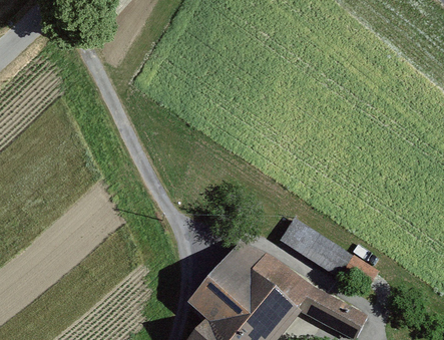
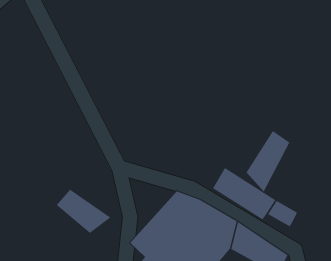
building: none -> [246,130,290,192]
building: none -> [56,189,112,234]

